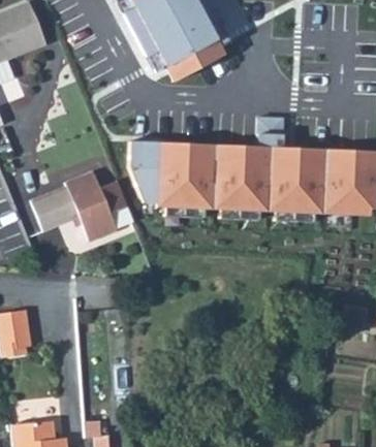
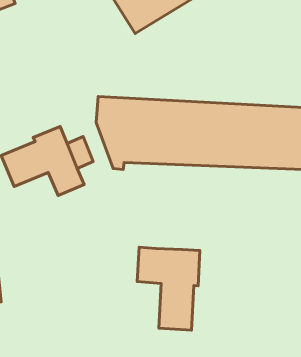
building: none -> [137,247,200,330]

